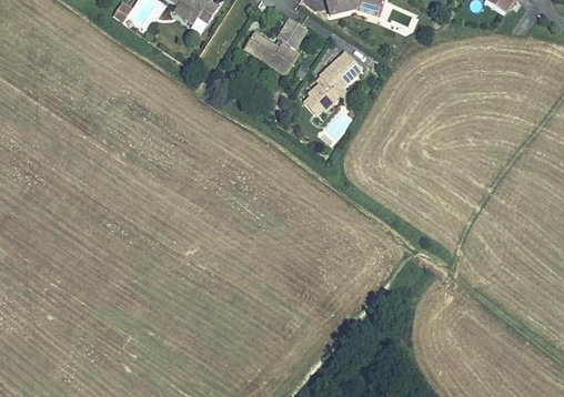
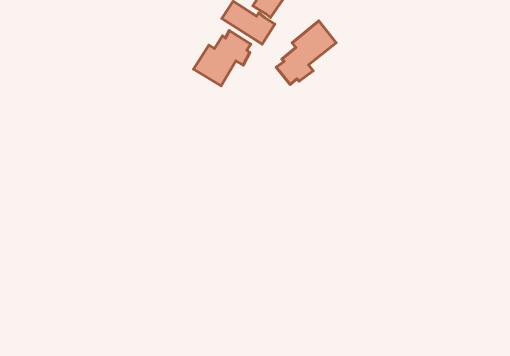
building: none -> [194,31,251,86]

